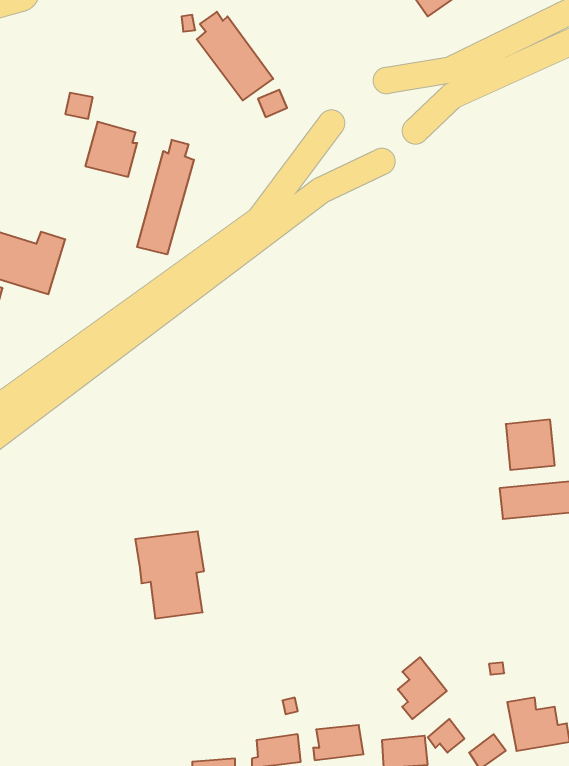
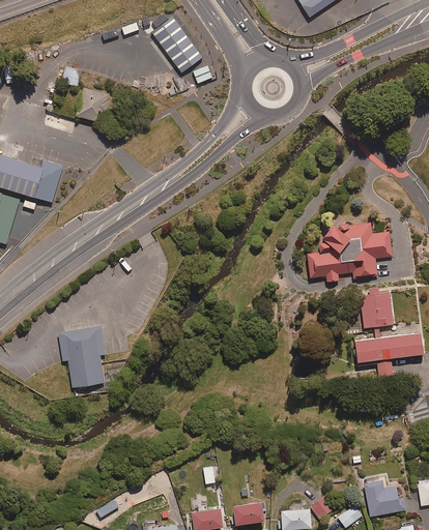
building: [137,140,194,254] -> none
building: none -> [315,222,397,281]
building: [135,531,204,618] -> [59,327,106,386]
building: [398,657,447,719] -> none

